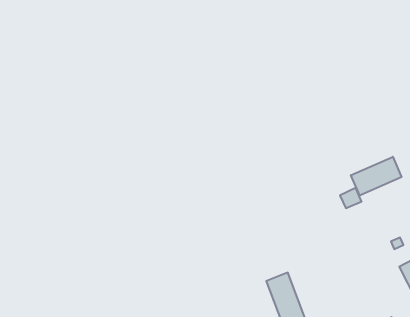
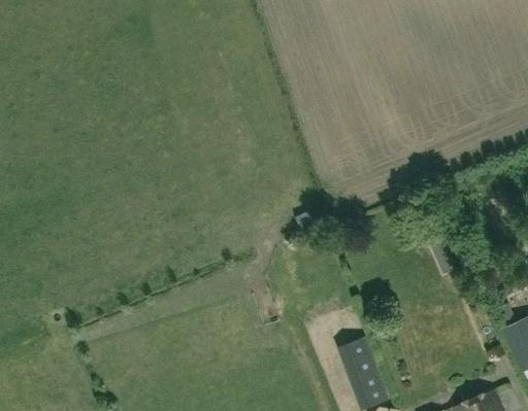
building: [351,157,401,195] -> none

